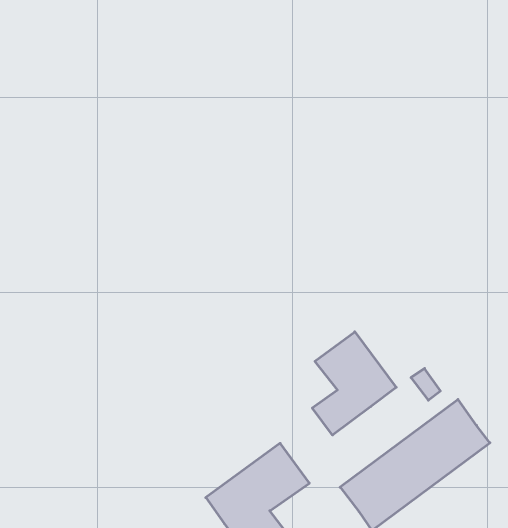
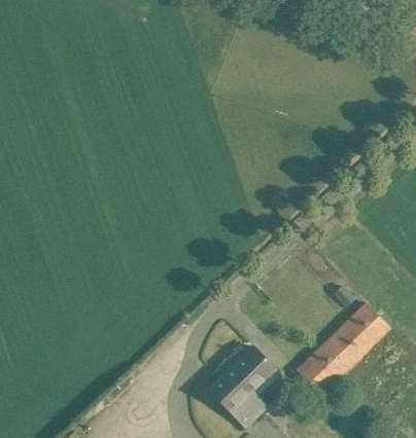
building: [312,332,396,435] -> none

